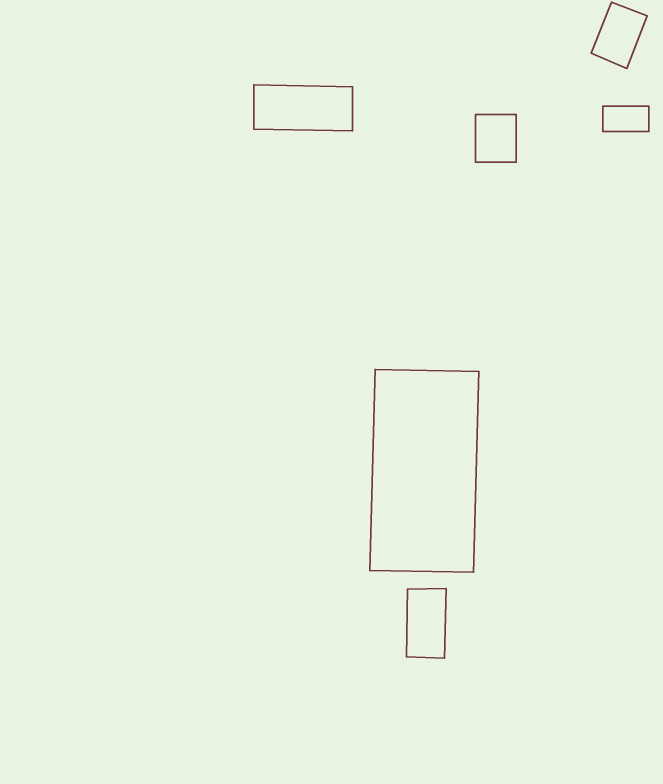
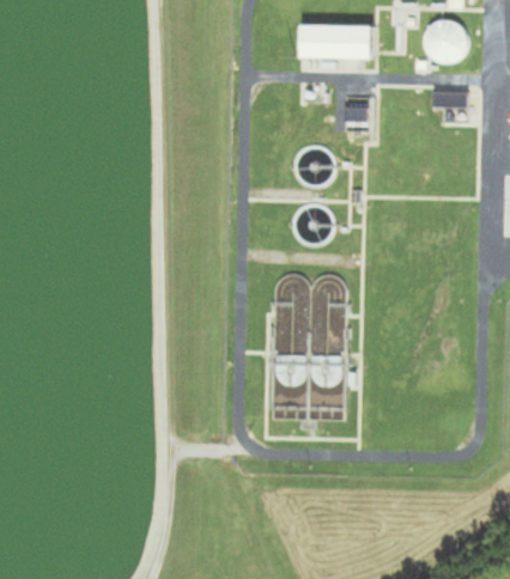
building: [254,85,352,131] -> [302,25,371,57]
building: [406,589,446,658] -> none

